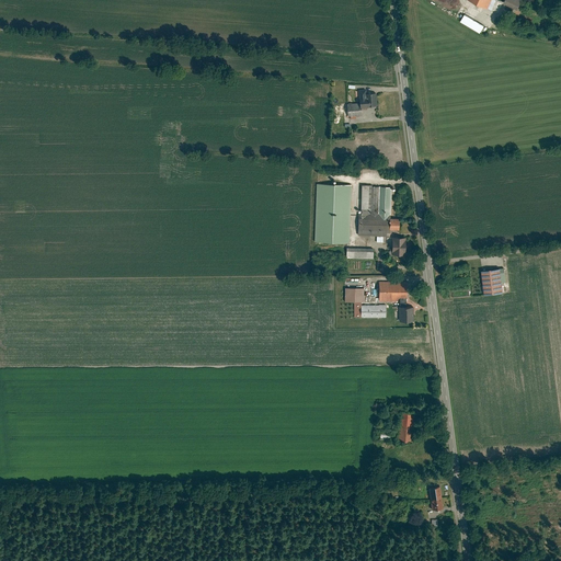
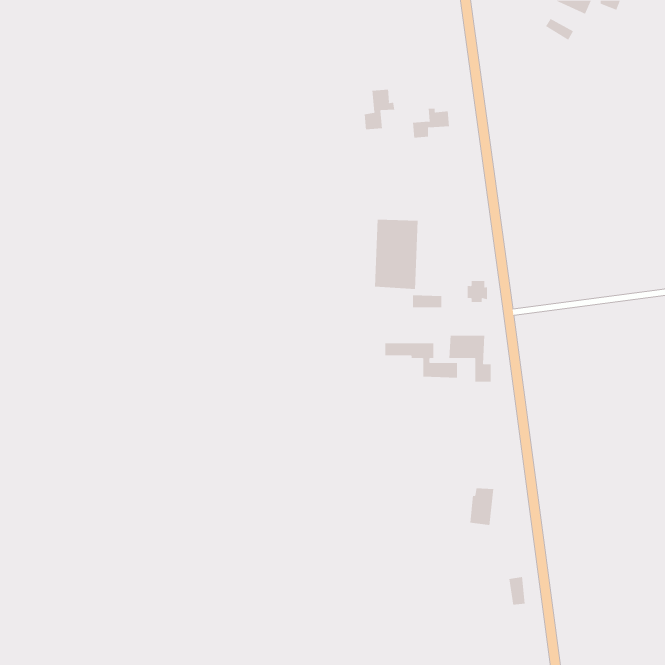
building: none -> [364,89,395,130]
building: [359,186,401,237] -> none
building: [483,271,504,297] -> none

